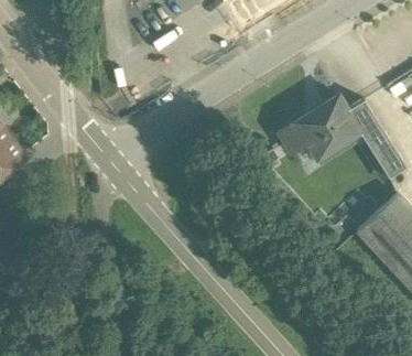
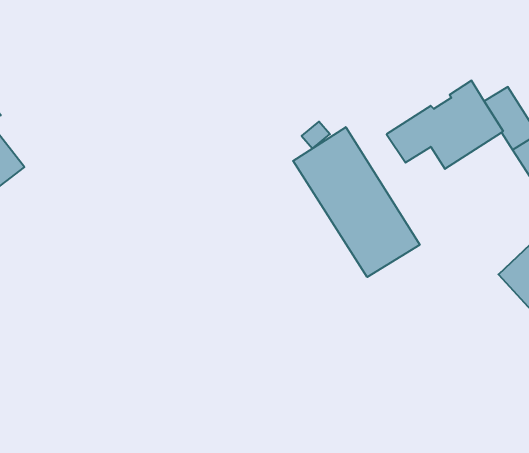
building: none -> [293,127,420,277]

